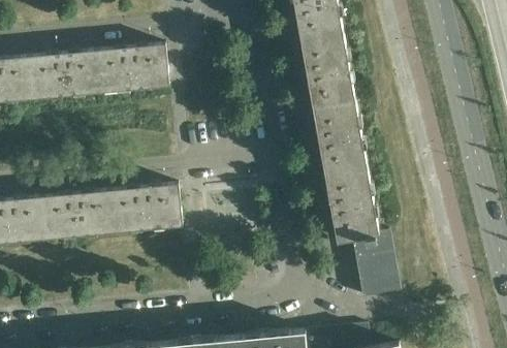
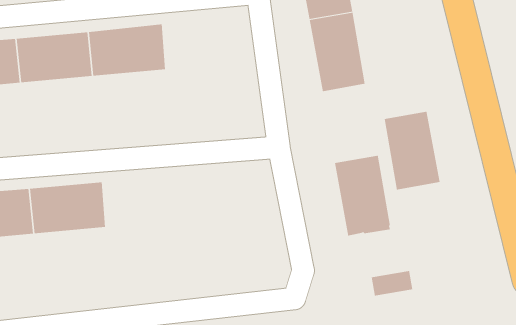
building: [313,100,366,173] -> [384,111,441,190]
building: [108,185,181,233] -> none
building: [352,231,394,280] -> none

